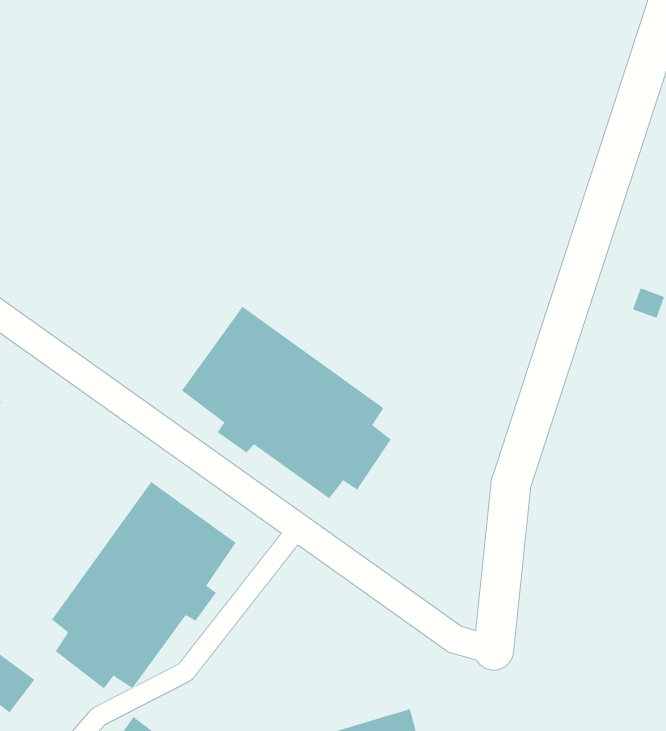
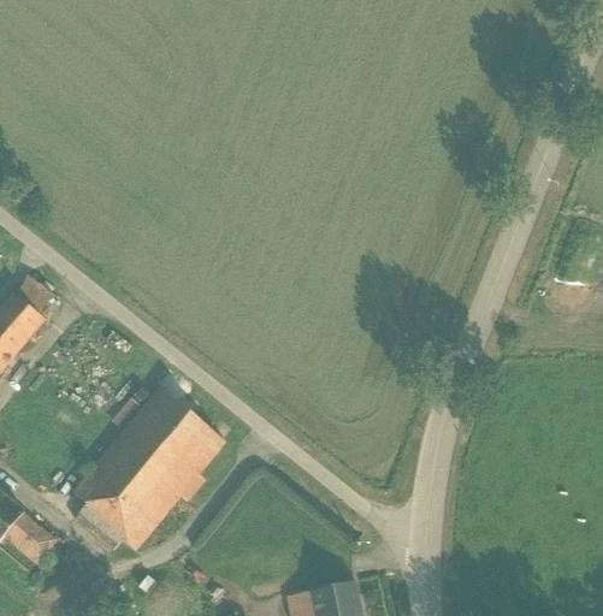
building: [181,306,392,499] -> none

